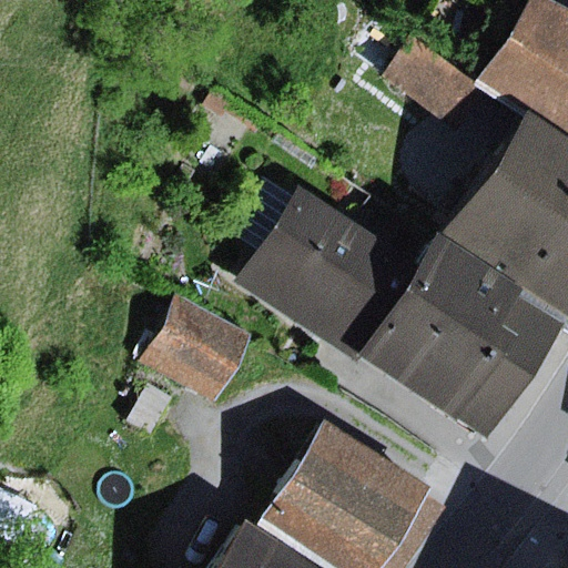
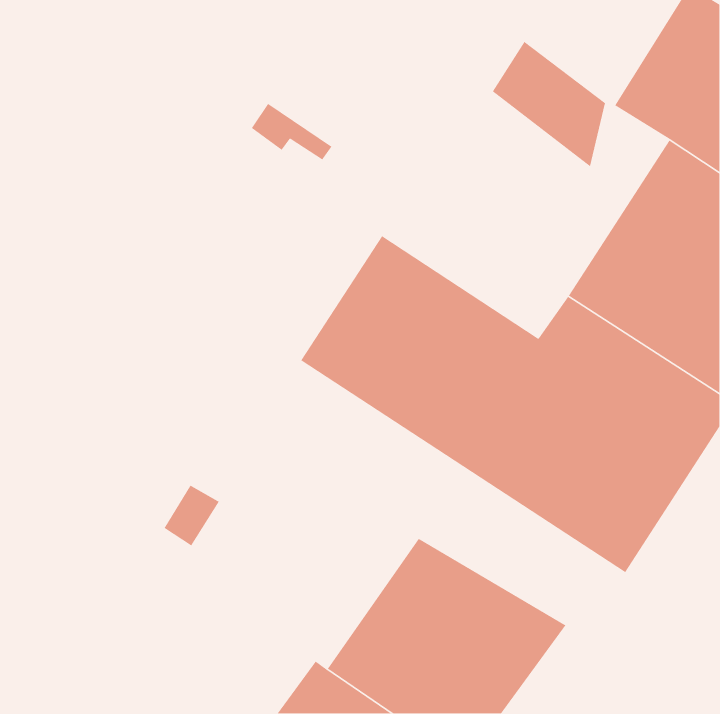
building: [143,294,255,402] -> none

